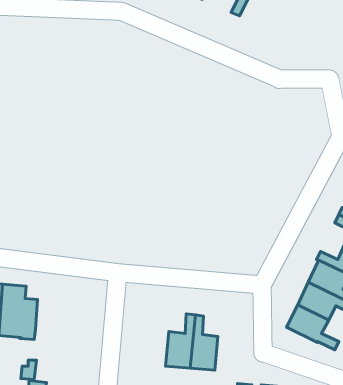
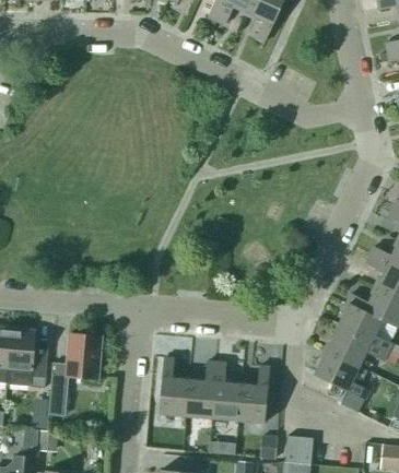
building: none -> [49,333,102,403]
building: none -> [159,357,188,416]
building: none -> [237,366,269,423]

